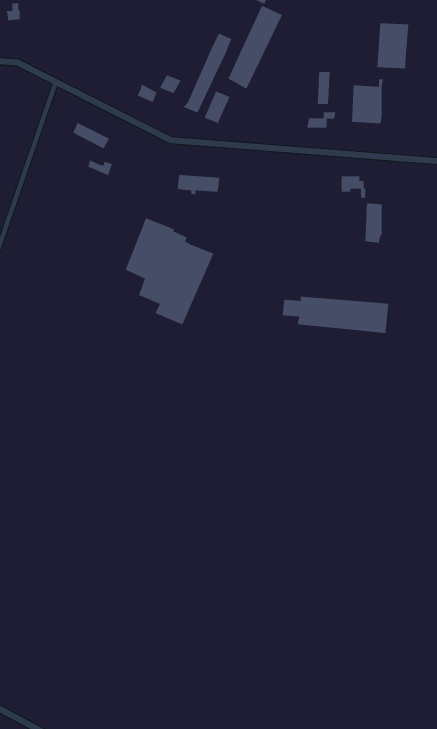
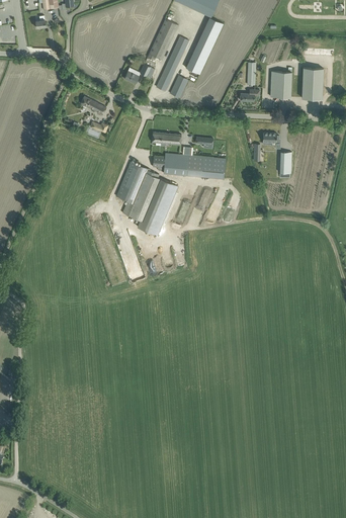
building: none -> [147,18,178,60]
building: [376,23,409,69] -> [301,67,324,98]
building: [282,296,389,333] -> [153,153,226,178]

